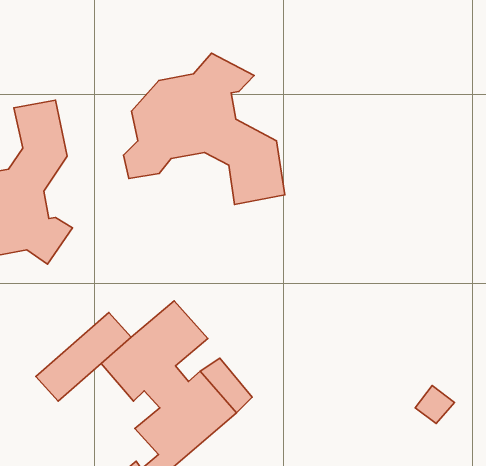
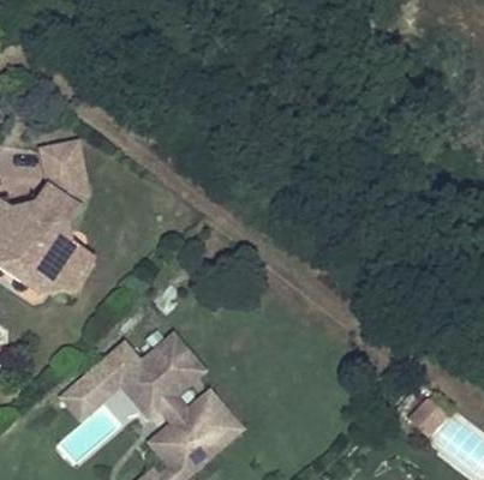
building: [124,53,285,204] -> none

